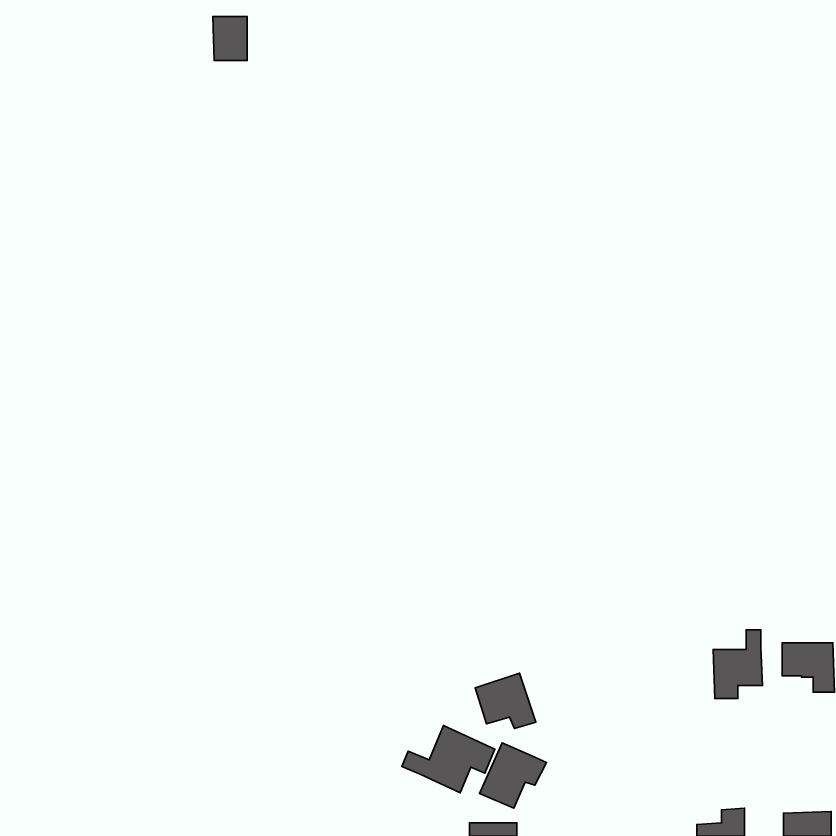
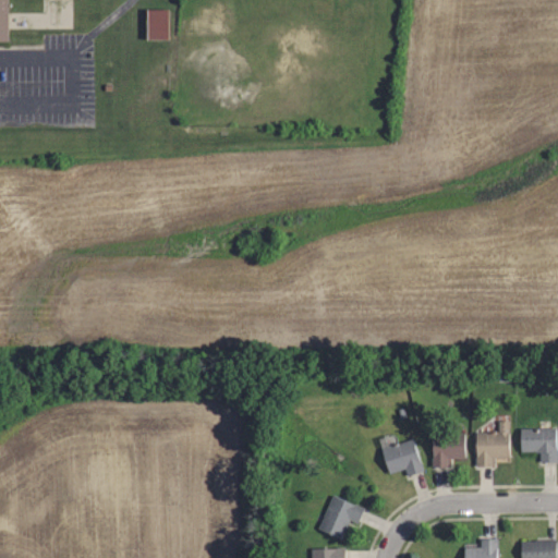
building: none -> [434,433,463,466]
building: [475,673,536,729] -> [383,439,423,476]
building: [402,726,495,793] -> none

